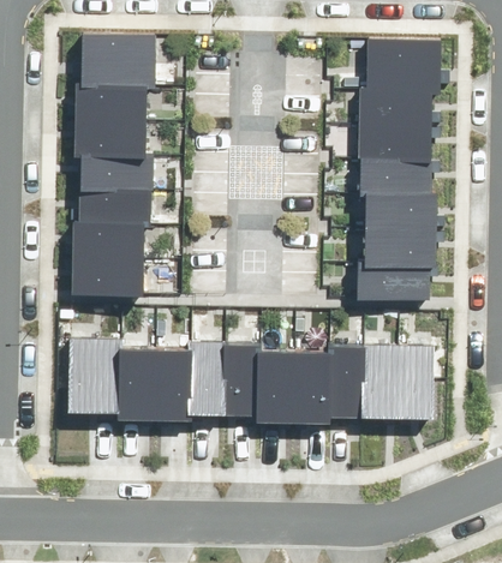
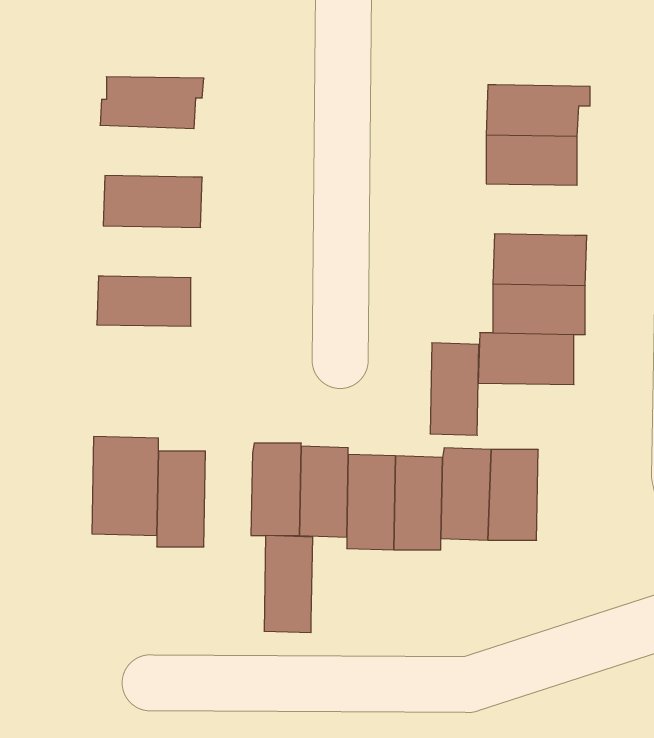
building: [80,35,154,73] -> none
building: [369,42,438,79] -> none
building: [76,108,145,146] -> none
building: [360,151,429,190] -> none
building: [78,182,150,221] -> none
building: [72,256,143,294] -> none
building: [399,348,435,417] -> [430,343,479,435]
building: [153,349,189,421] -> [264,535,313,633]

